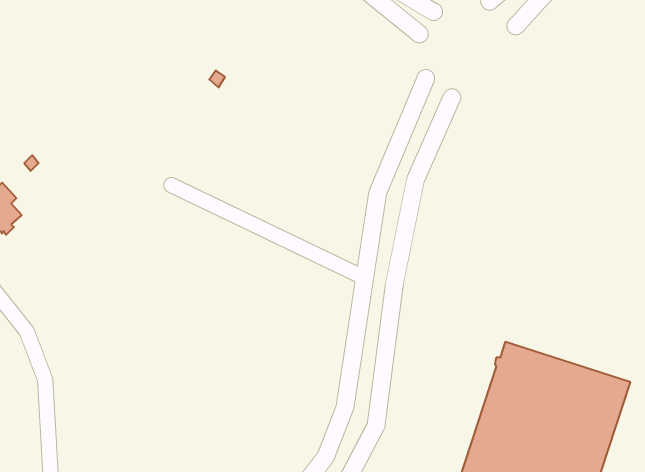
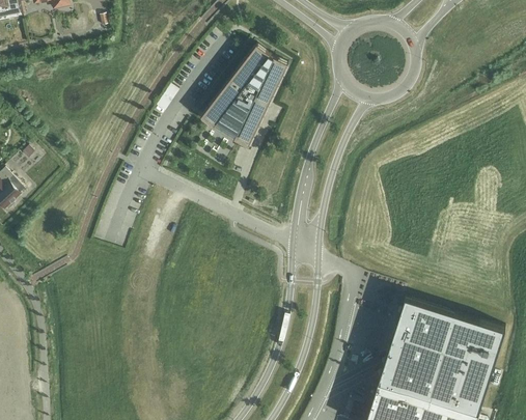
building: none -> [201,47,288,148]

